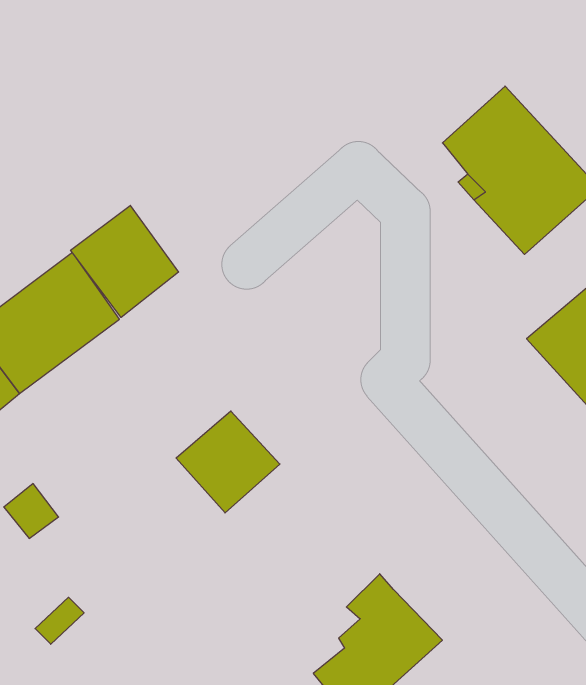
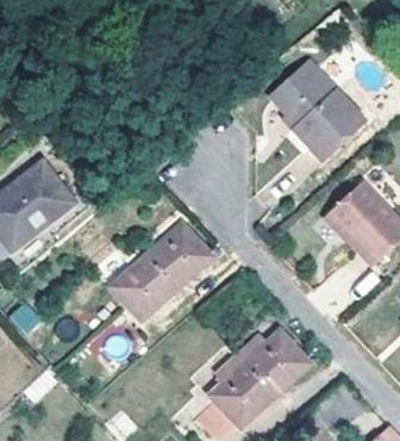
building: [71,205,179,317] -> none
building: none -> [144,226,210,288]
building: none -> [235,334,306,396]

